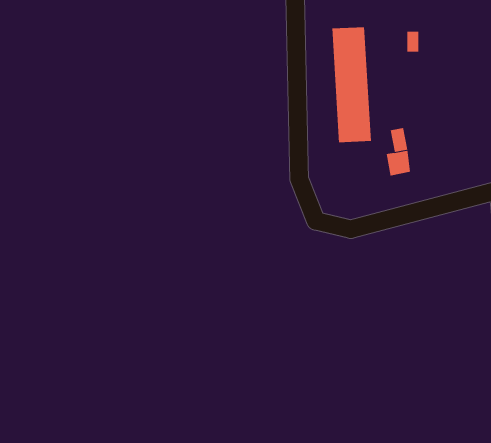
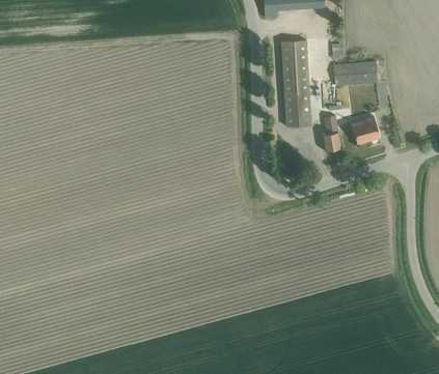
building: none -> [332,61,376,85]
building: none -> [350,117,378,144]

